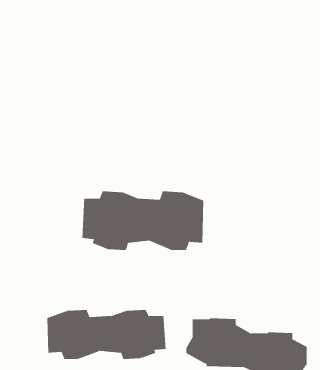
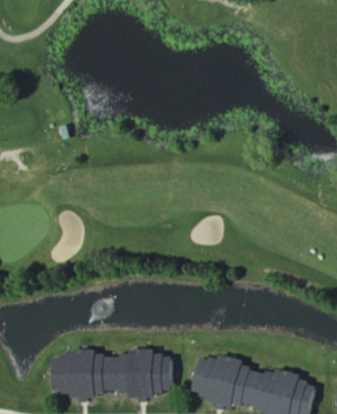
building: [82,190,204,251] -> none

